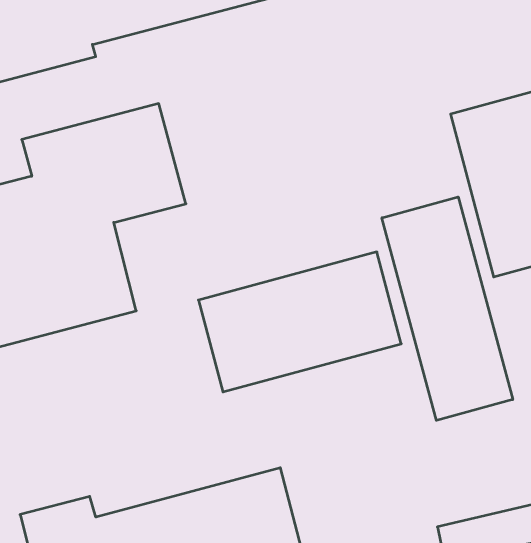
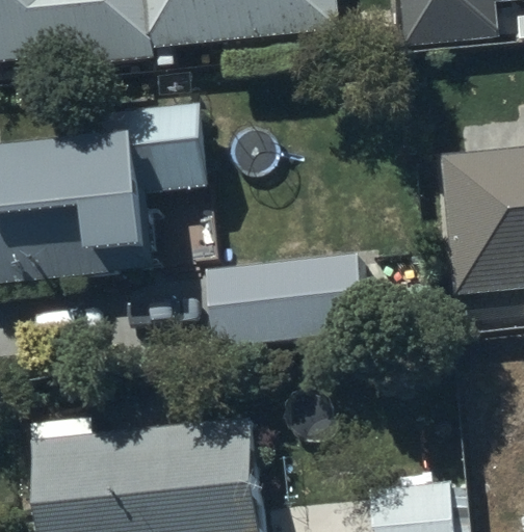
building: [382,197,513,420] -> none

